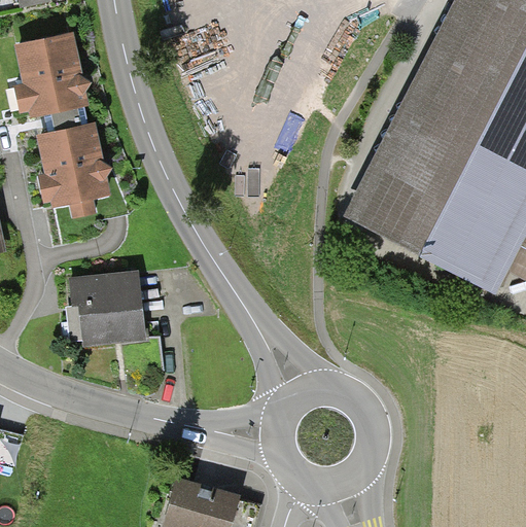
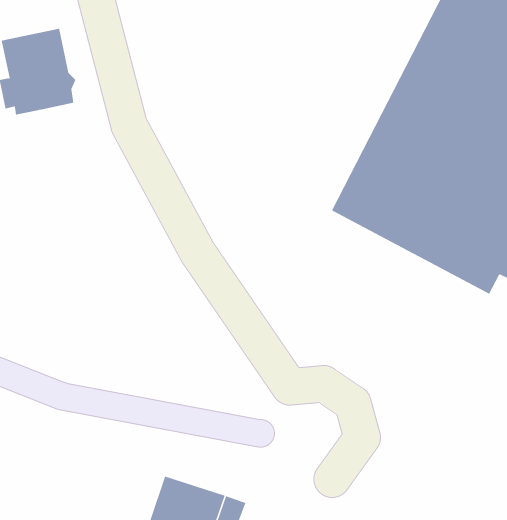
building: [38,122,113,217] -> none
building: [67,272,143,345] -> none

